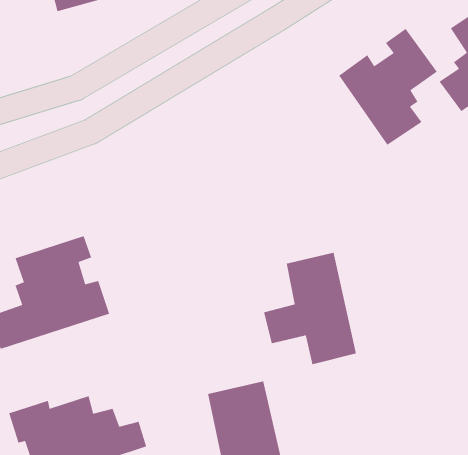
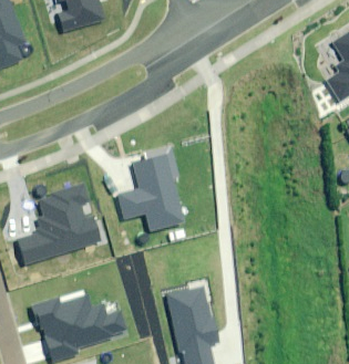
building: [338,28,438,146] -> none
building: [263,252,357,365] -> [117,154,182,231]

